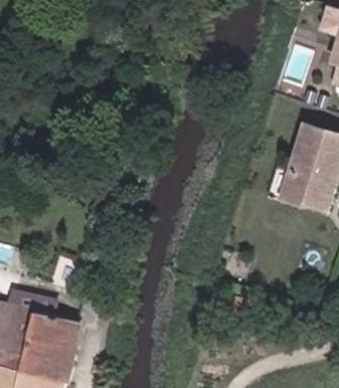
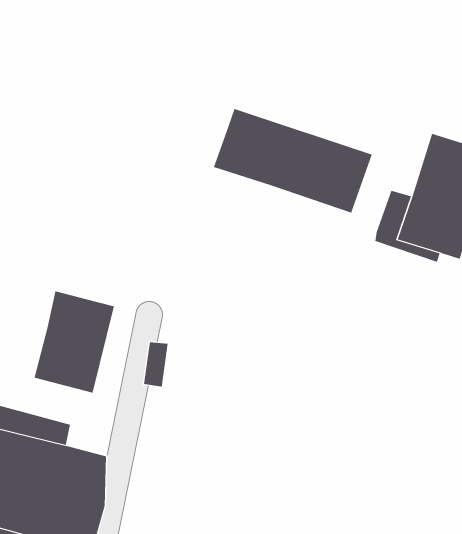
building: none -> [213,108,373,214]
building: none -> [34,291,114,393]

